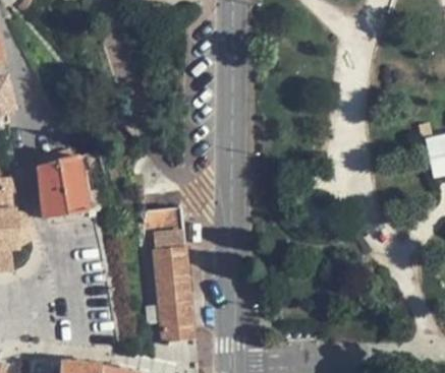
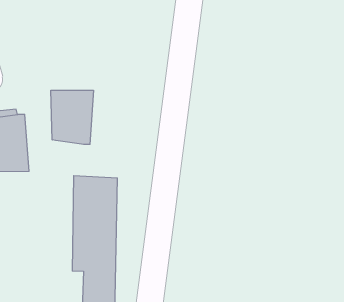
building: none -> [51,90,93,144]

